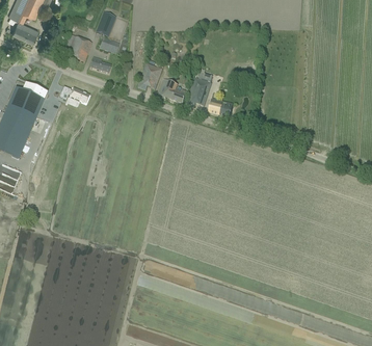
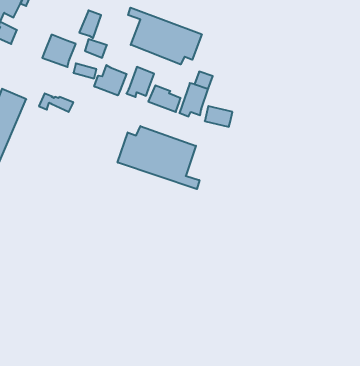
building: none -> [128,8,202,64]
building: none -> [94,65,127,95]
building: none -> [118,126,199,189]

